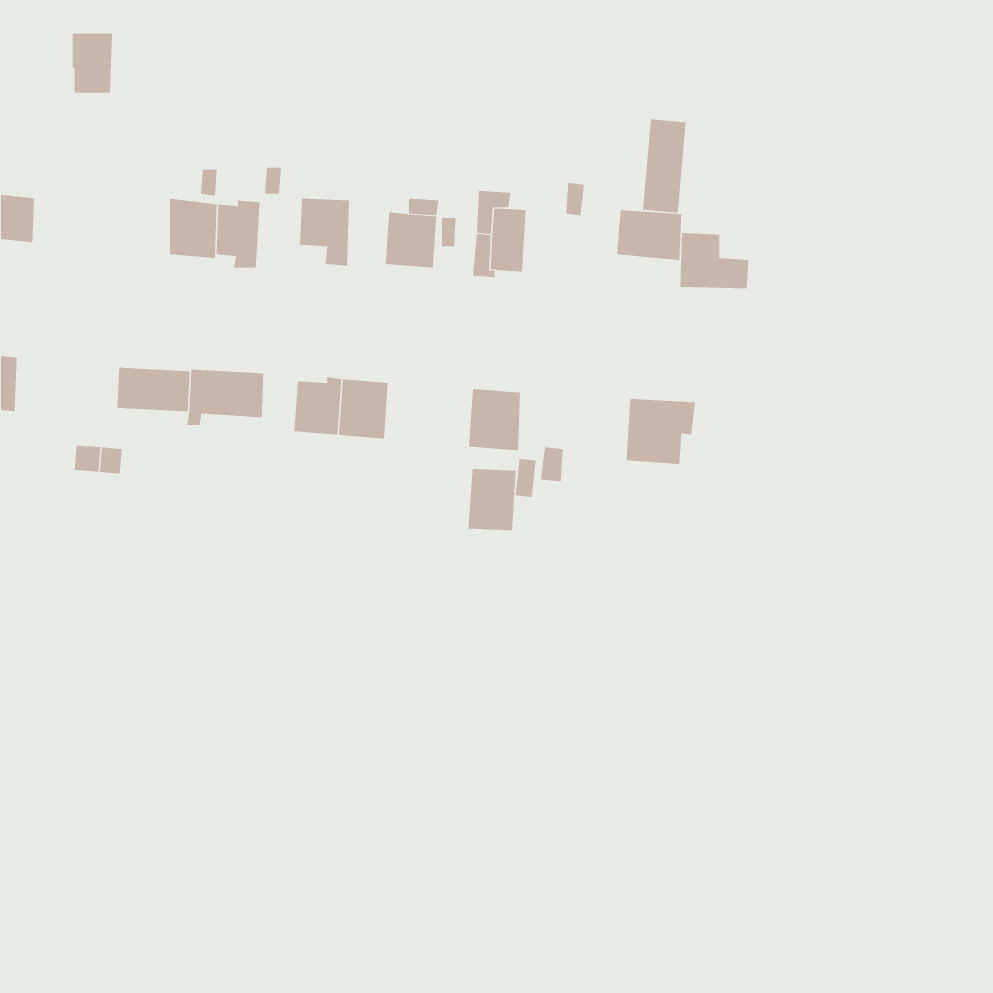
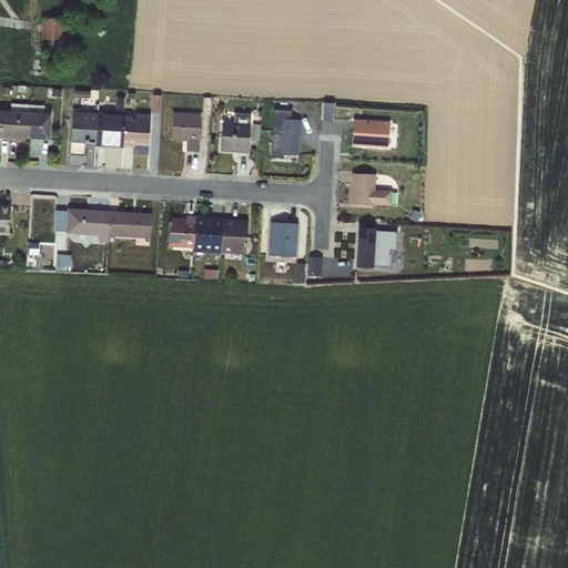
building: [643,118,686,214] -> none
building: none -> [71,112,97,145]
building: none -> [19,113,50,140]
building: [679,233,749,289] -> [351,173,390,205]
building: [468,469,517,531] -> [220,219,247,254]

